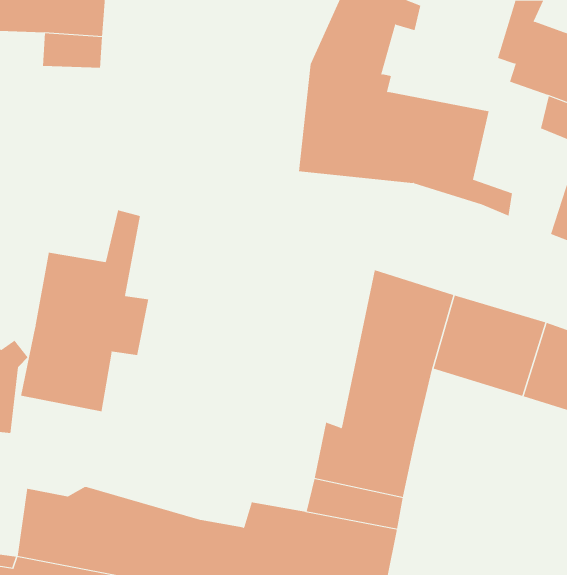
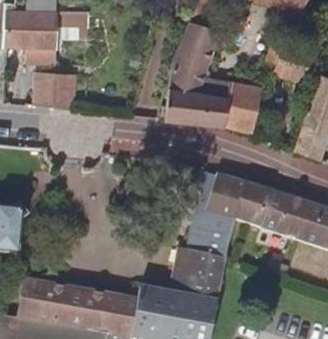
building: none -> [35,71,77,110]
building: [20,210,149,412] -> none

